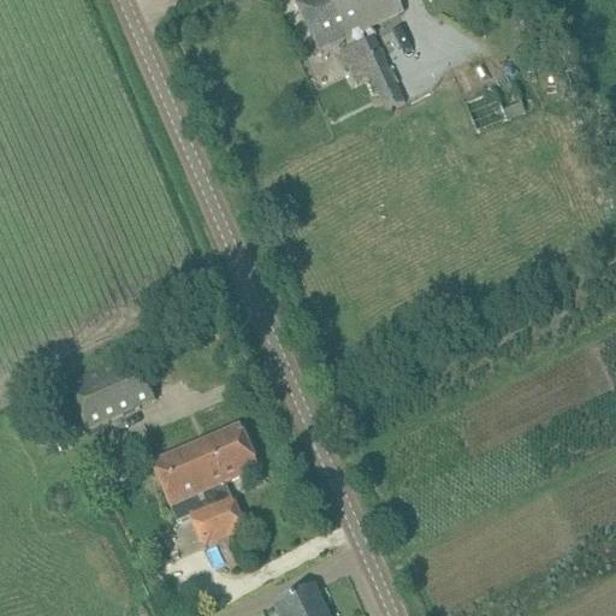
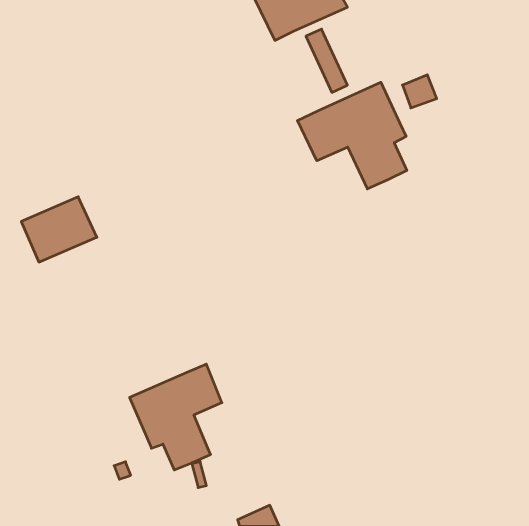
building: none -> [297,82,407,189]
building: [66,353,154,428] -> [21,197,97,262]

